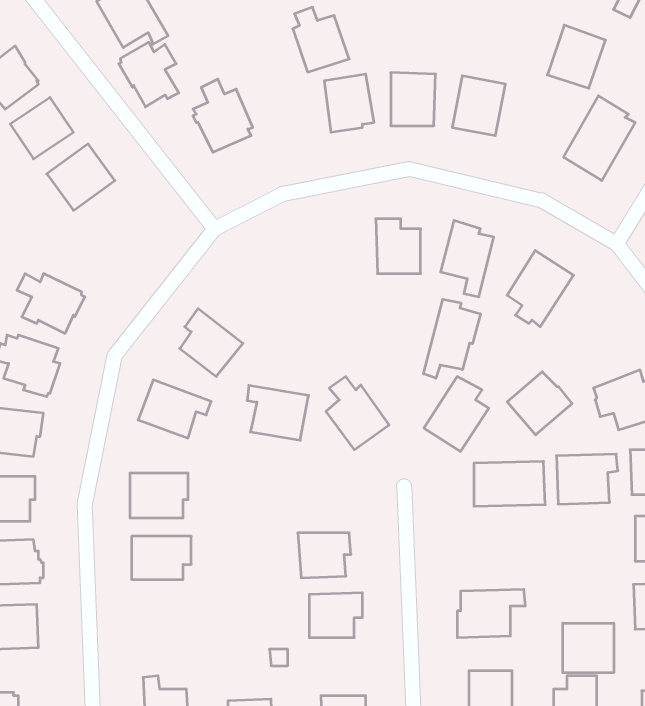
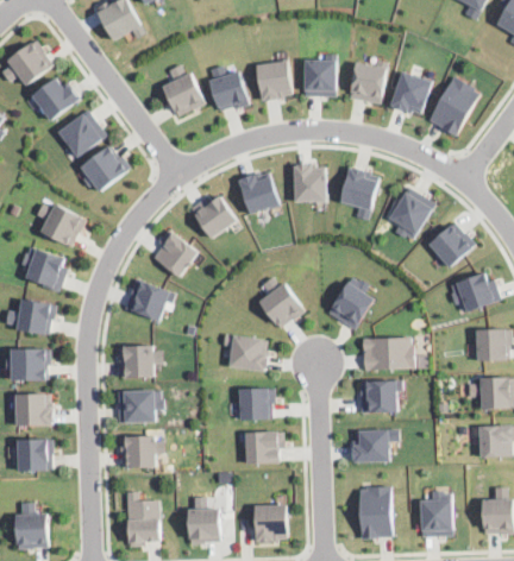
building: [293,7,349,72] -> [207,65,247,112]
building: [547,25,606,88] -> [389,71,431,116]
building: [119,42,179,107] -> none
building: none -> [81,145,130,191]
building: none -> [238,172,278,214]
building: none -> [189,195,236,239]
building: [424,299,480,378] -> none
building: [507,372,572,435] -> [427,223,474,269]
building: [247,385,309,440] -> [225,333,269,372]
building: [556,454,618,504] -> [358,379,402,415]
building: none -> [120,436,162,468]
building: [563,623,614,673] -> none

